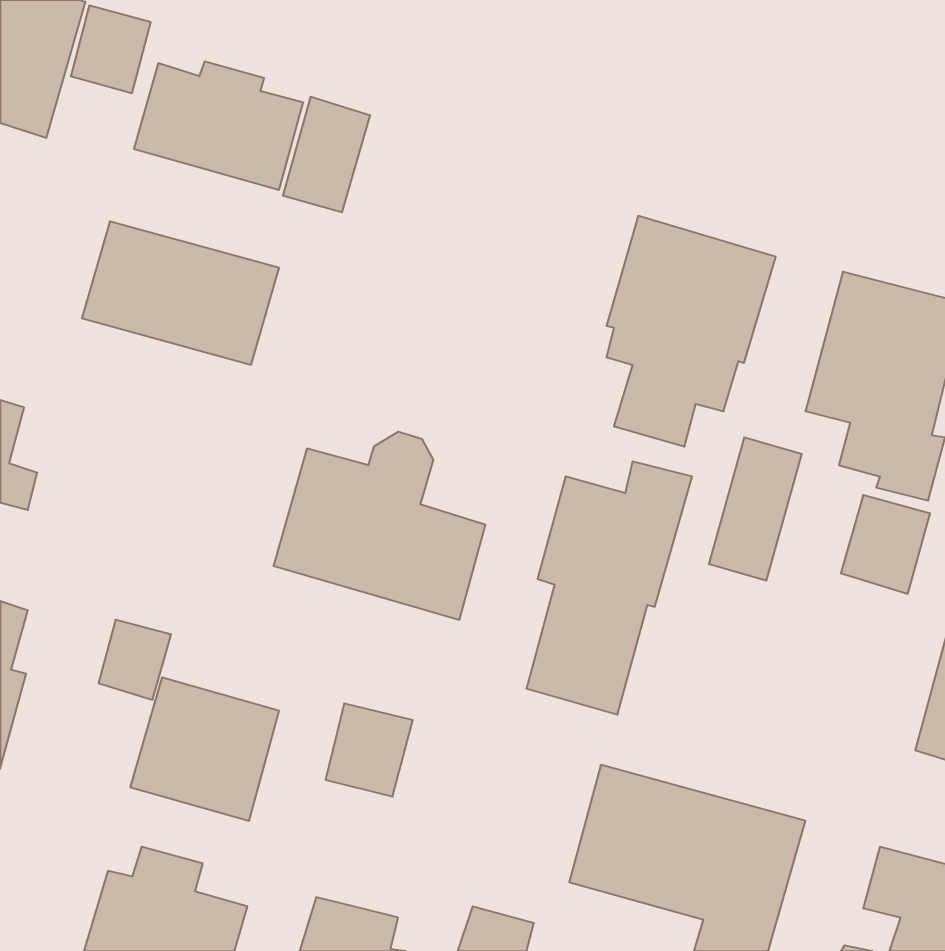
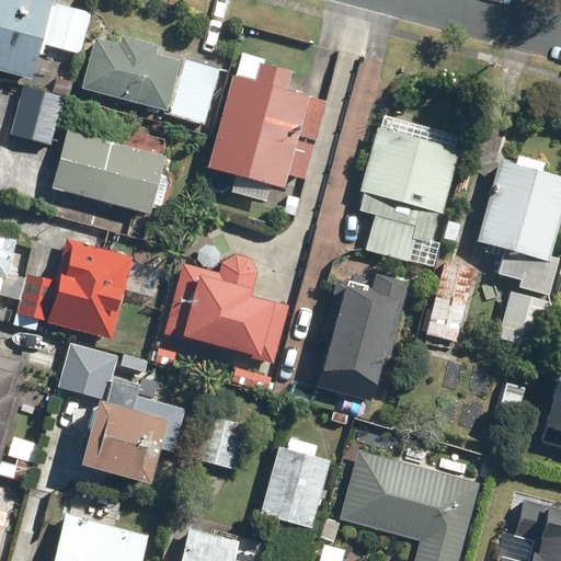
building: none -> [207,61,327,190]
building: none -> [10,84,65,147]
building: none -> [18,238,135,341]
building: none -> [260,446,331,528]

